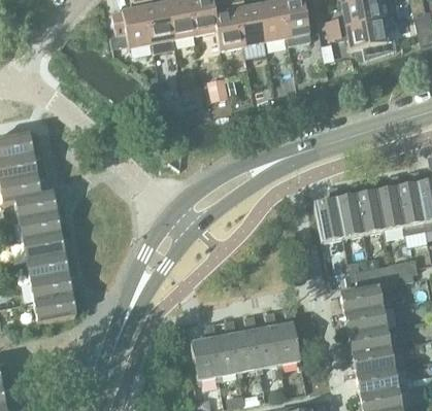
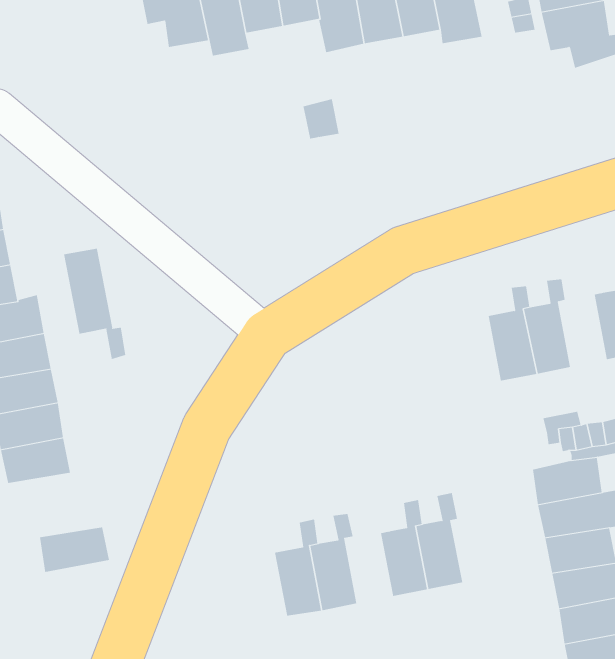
building: none -> [64,248,126,360]
building: [357,177,385,233] -> none
building: [35,295,76,321] -> [39,527,110,573]
building: [232,314,260,371] -> none

